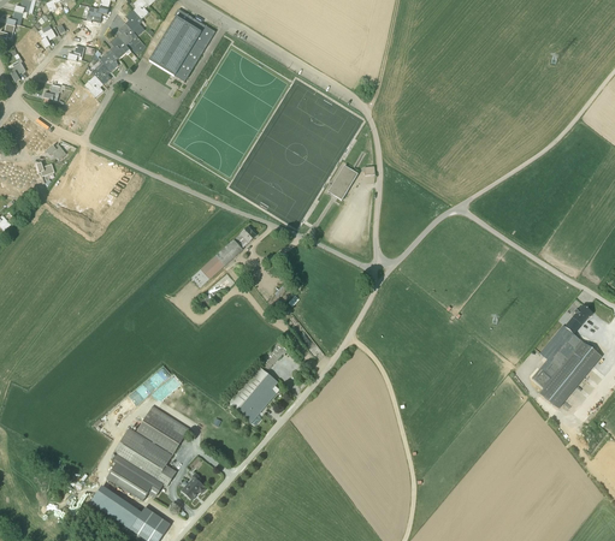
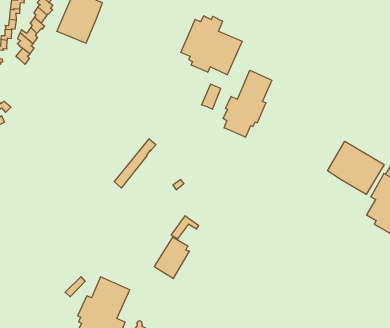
building: none -> [181,16,242,75]
building: none -> [223,70,272,137]
building: none -> [328,141,384,195]

